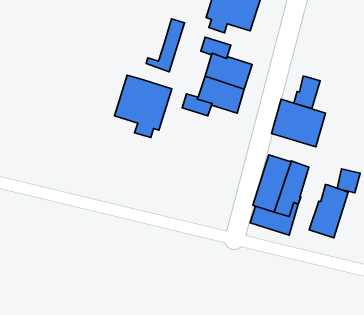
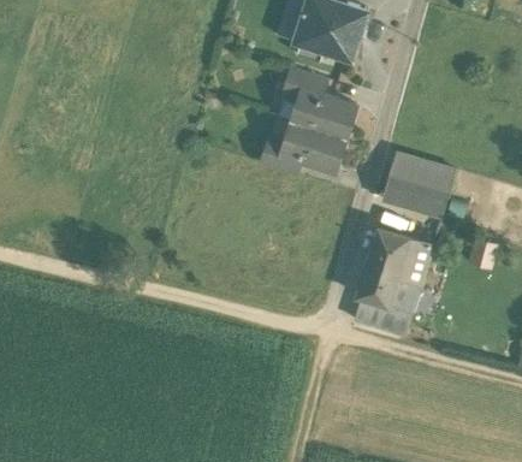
building: [146,19,184,72] -> none
building: [115,75,172,138] -> none
building: [294,76,320,108] -> none
building: [309,185,348,238] -> none

